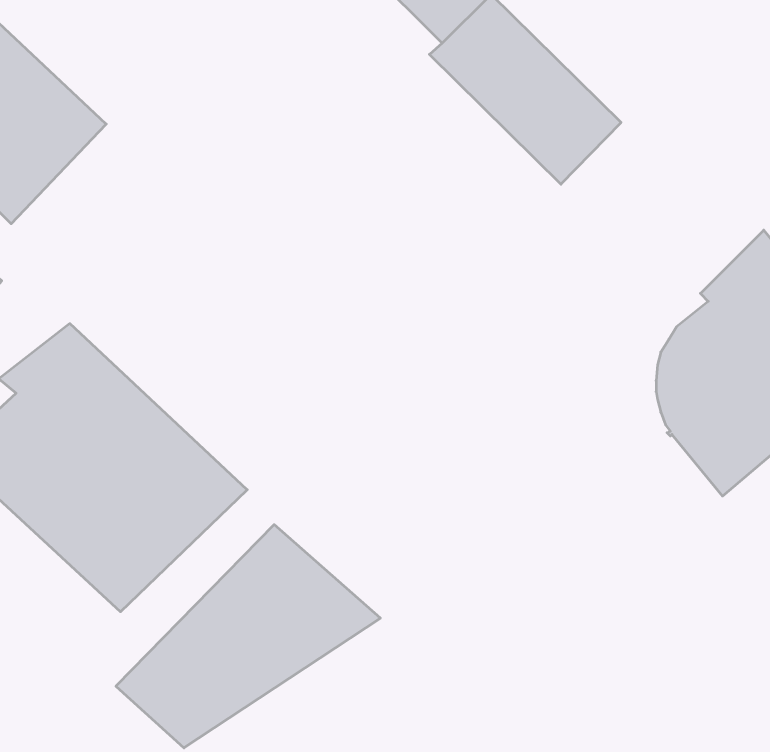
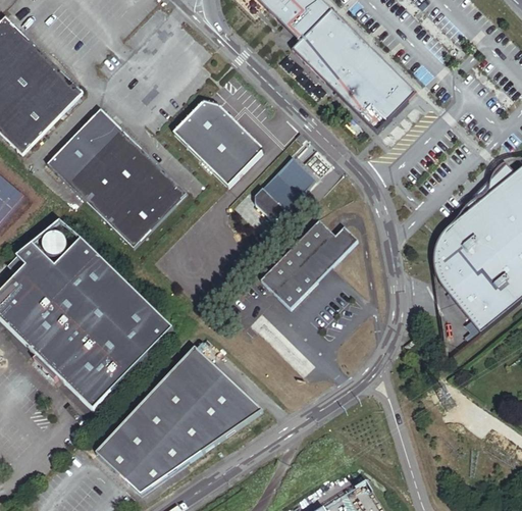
building: none -> [171,86,264,187]
building: none -> [47,108,191,249]
building: none -> [246,157,309,220]
building: none -> [254,218,351,308]

